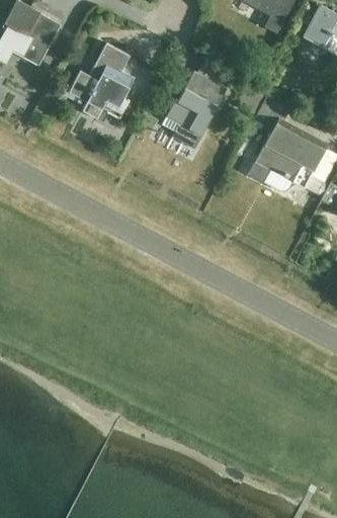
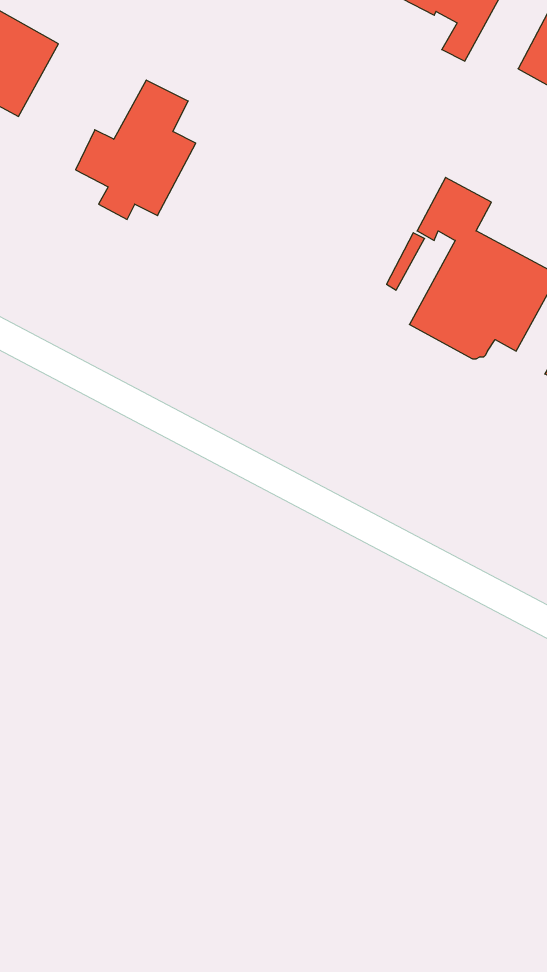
building: [162,72,226,149] -> none

